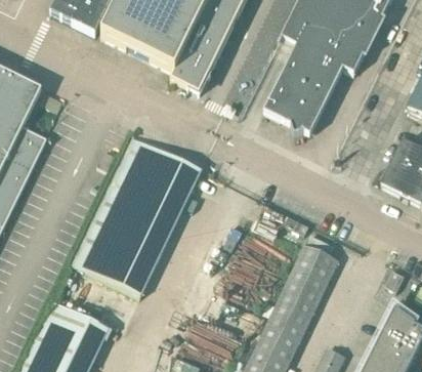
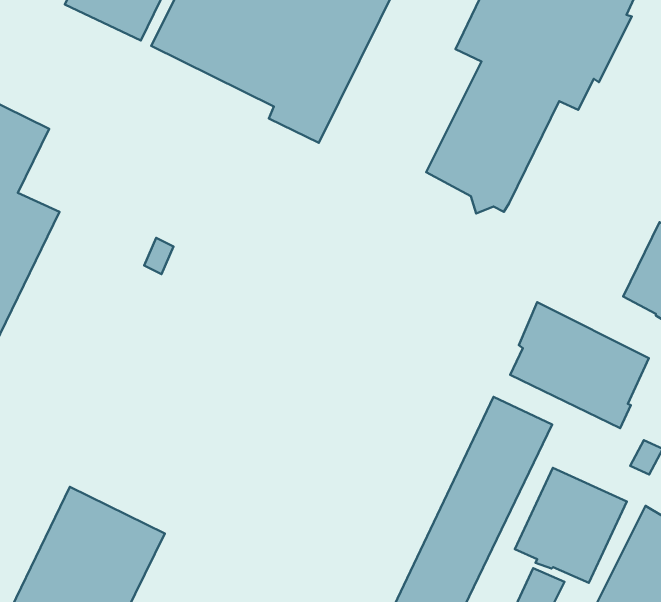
building: [73,133,201,293] -> none
building: none -> [510,302,649,428]
building: none -> [515,468,627,583]

